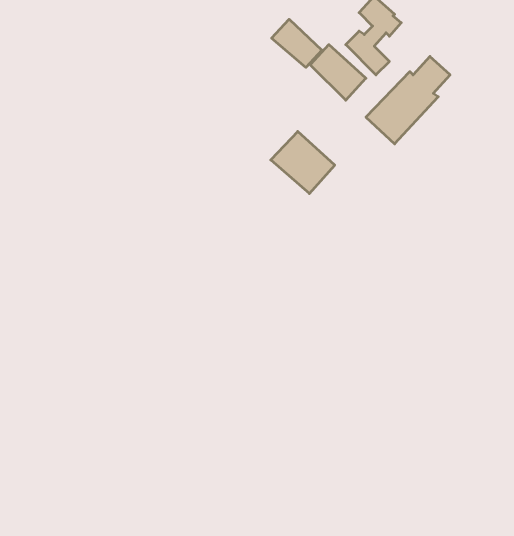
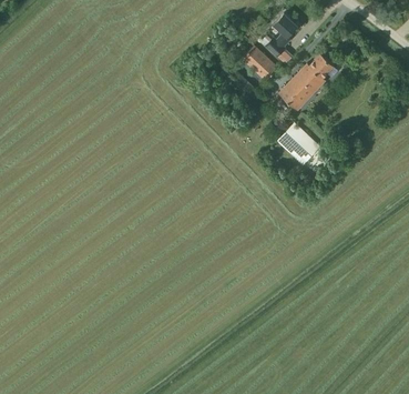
building: [272,19,322,67] -> none
building: [271,131,335,194] -> [277,123,319,164]

